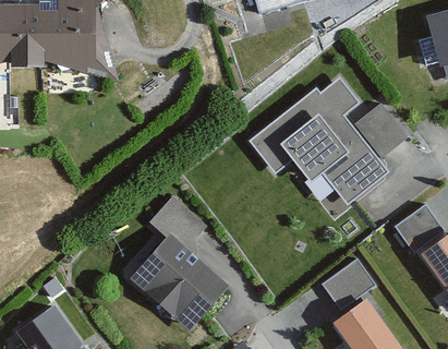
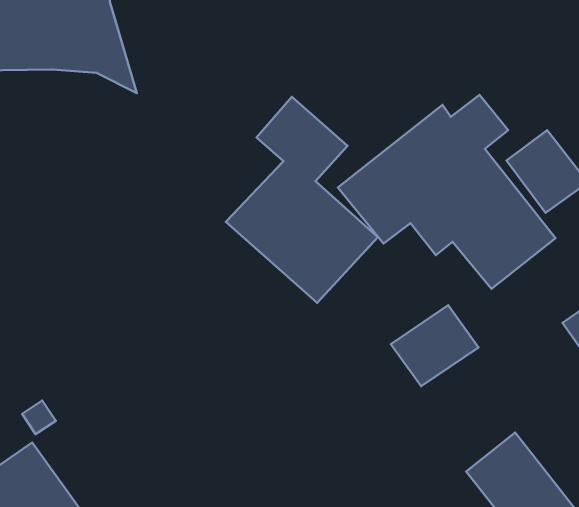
building: [130,195,228,328] -> [226,97,378,303]
building: [322,257,378,310] -> [391,305,479,386]

